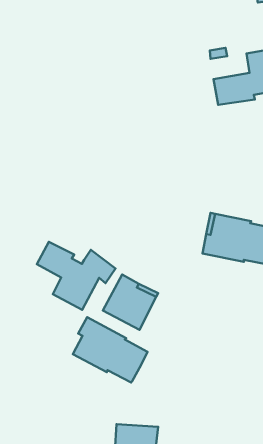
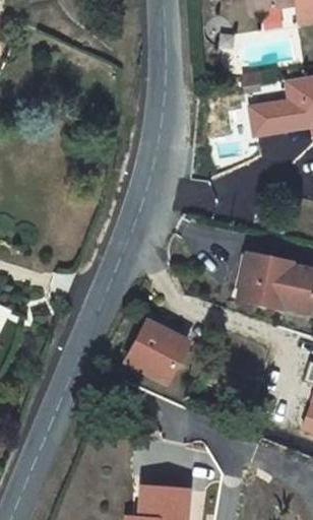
building: [37,242,115,310] -> none
building: [73,317,147,382] -> none

